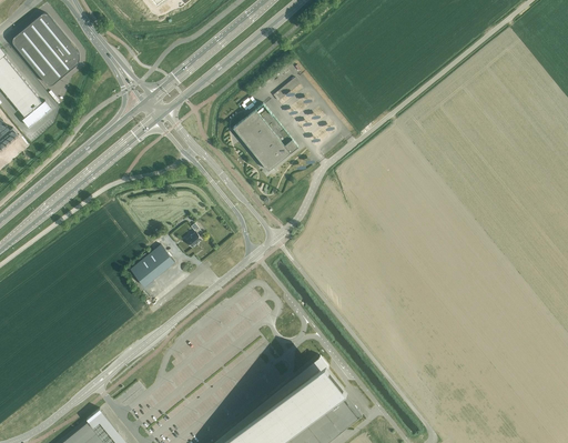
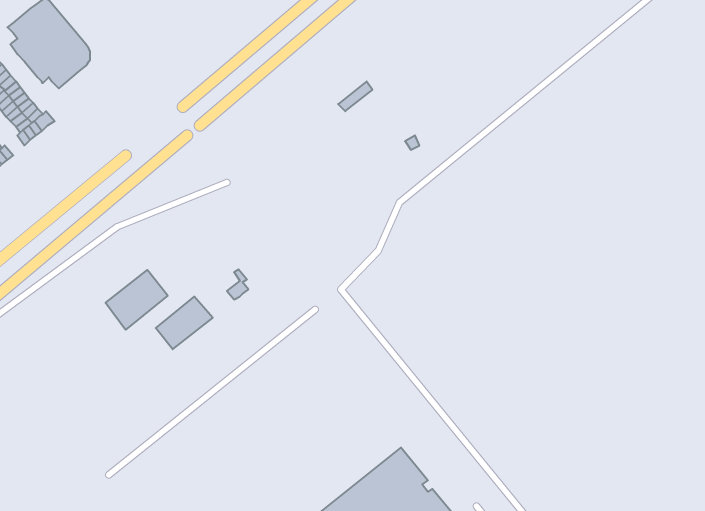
building: [232,103,297,170] -> none
building: none -> [106,270,168,330]

